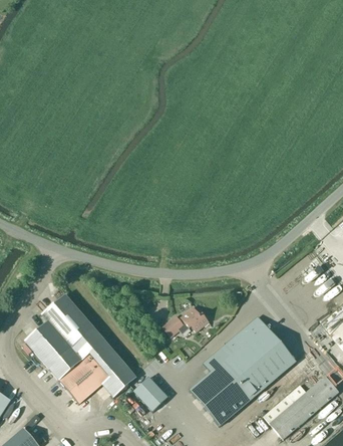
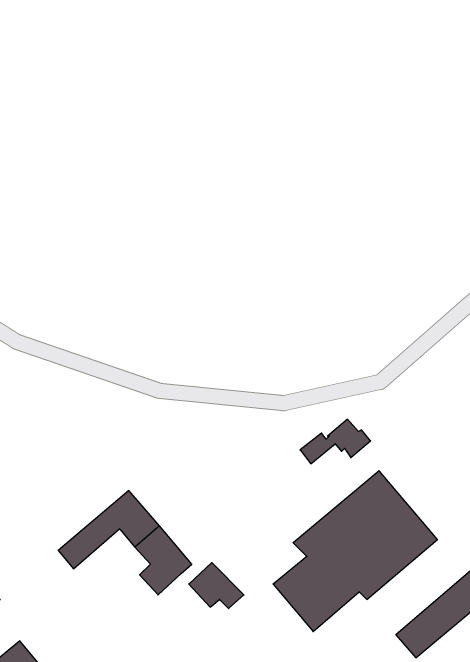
building: [24,294,94,368] -> none
building: [161,306,208,336] -> [300,419,371,464]
building: [58,354,108,403] -> none

